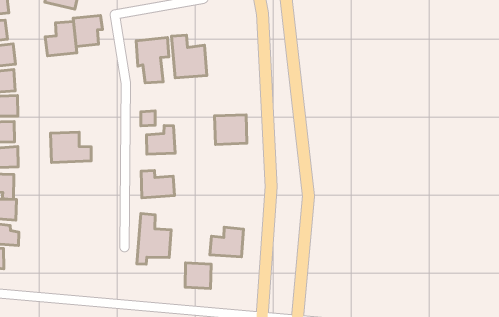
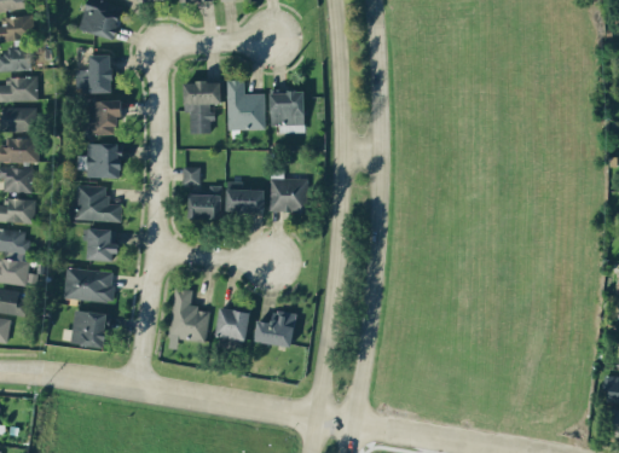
building: [73,15,103,47] -> [88,100,122,135]
building: none -> [270,91,305,133]
building: none -> [83,143,122,178]
building: none -> [87,228,116,261]
building: [141,170,174,198] -> [226,181,265,213]
building: none -> [64,268,115,302]
building: none -> [71,310,106,347]
building: [185,263,211,288] -> [216,308,249,341]

